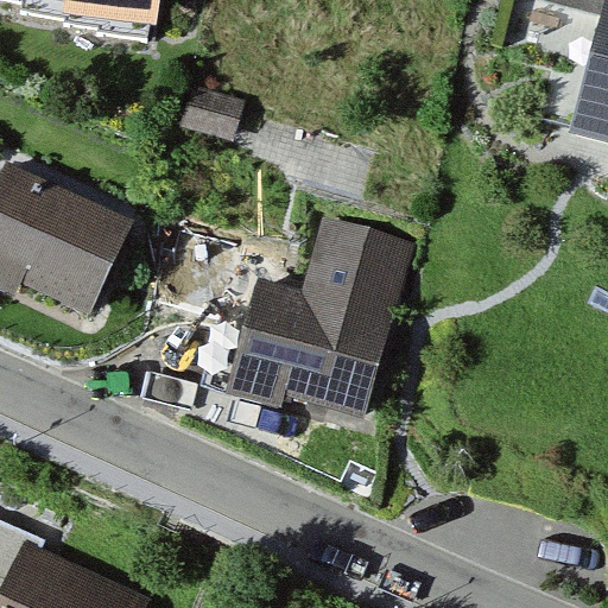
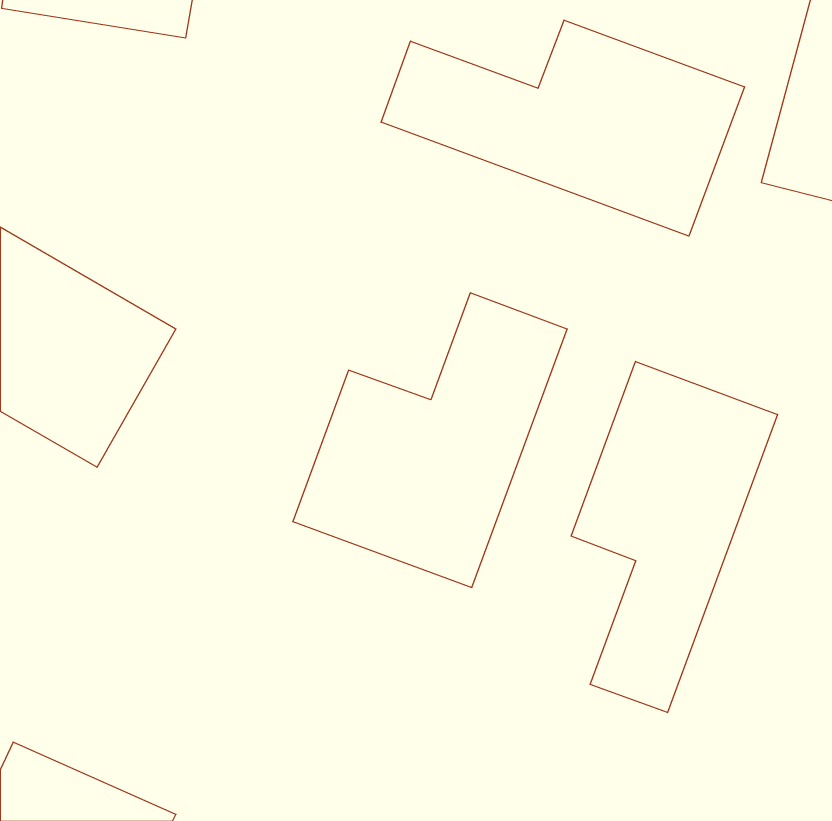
building: none -> [381,20,745,236]
building: none -> [571,361,778,713]

